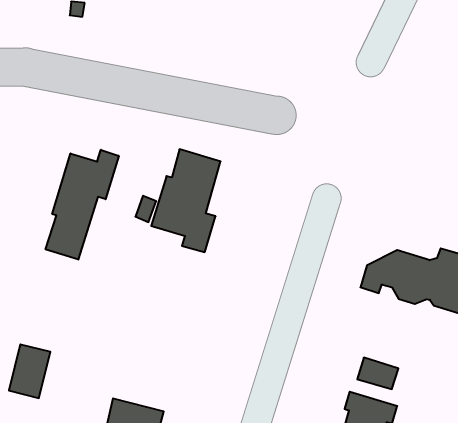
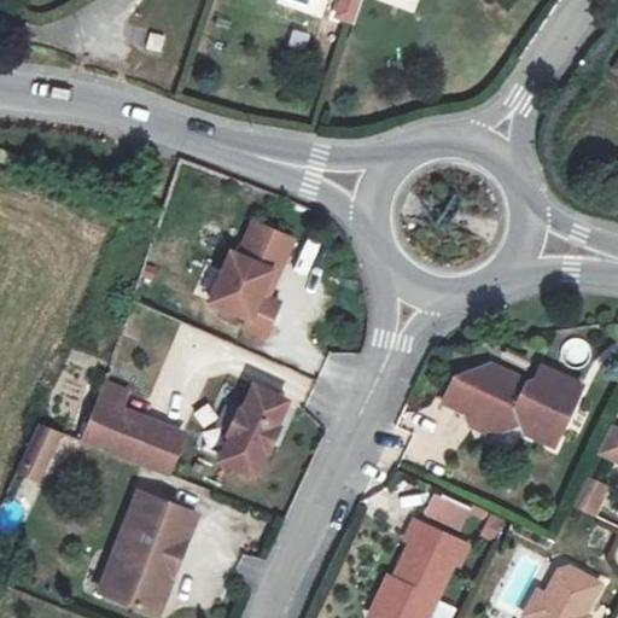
building: [46,150,119,260] -> none
building: none -> [216,387,286,474]
building: none -> [81,387,186,479]

